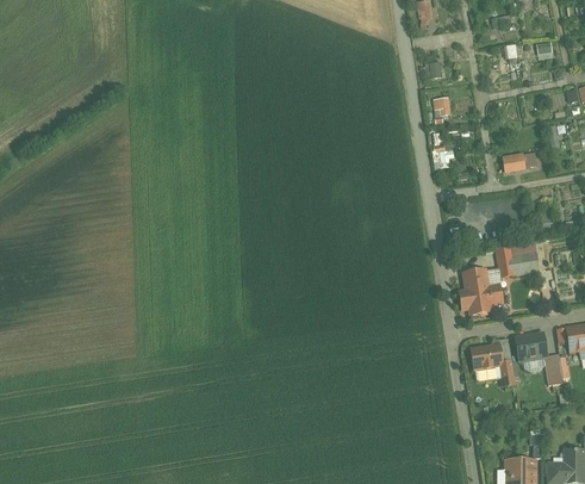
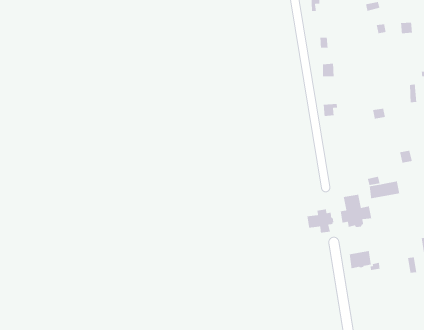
building: none -> [306,208,334,234]
building: [515,334,546,360] -> none

